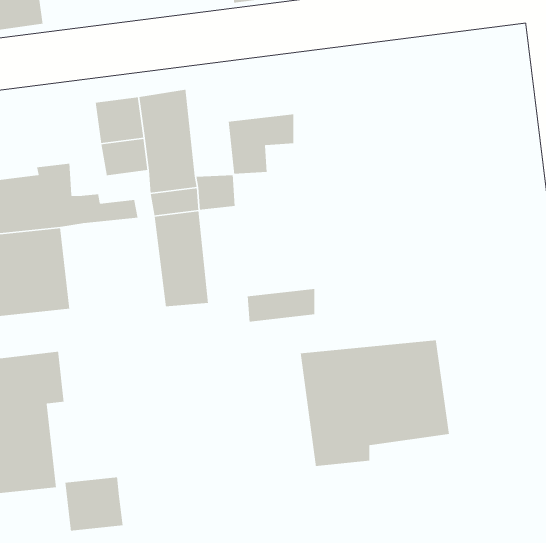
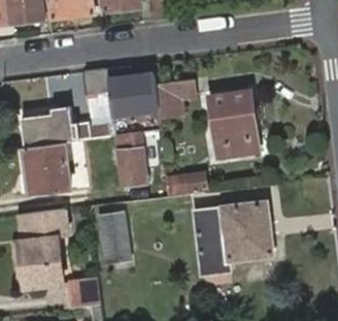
building: none -> [209,92,258,157]
building: none -> [96,213,128,263]

